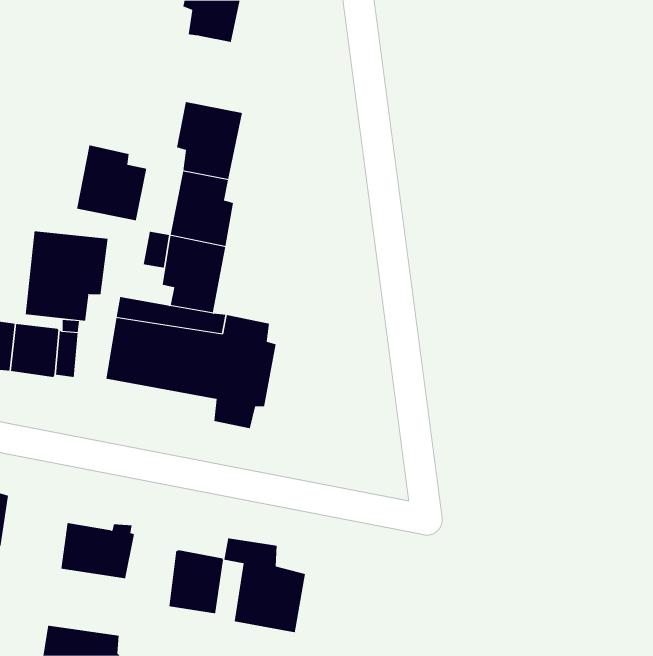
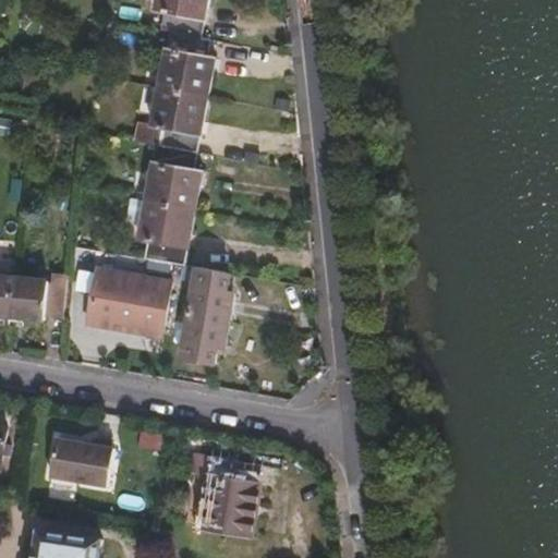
building: none -> [157,31,210,96]
building: [77,144,147,221] -> none
building: [25,231,108,322] -> none
building: [169,550,224,614] -> none

